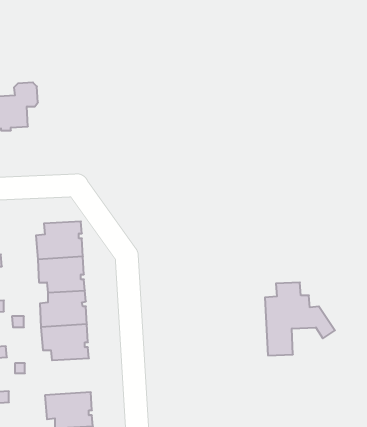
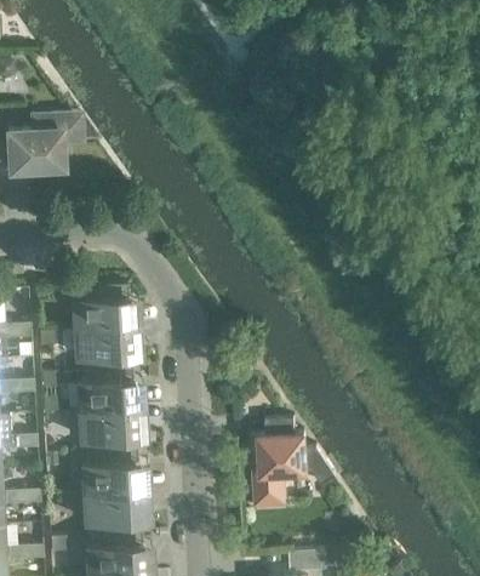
building: [265,282,335,355] -> [248,418,333,507]
building: none -> [80,450,137,495]

